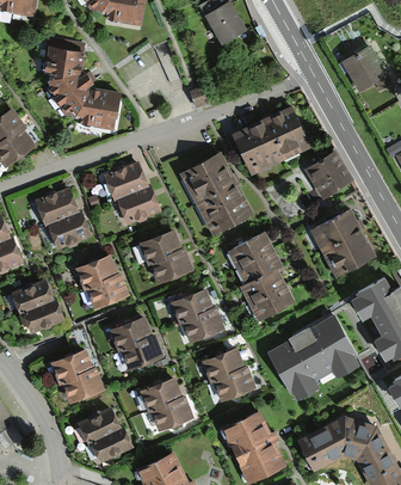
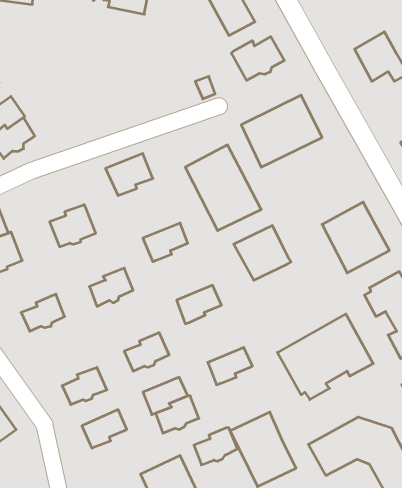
building: [44,36,121,133] -> none
building: none -> [231,37,284,80]
building: [304,152,352,198] -> none
building: [117,184,161,225] -> none
building: [35,188,80,228] -> none
building: [150,246,193,283] -> none
building: [74,253,118,290] -> none
building: [240,268,295,320] -> none
building: [10,278,53,315] -> none
building: [183,306,224,342] -> none
building: [109,315,152,352] -> none
building: [49,349,92,386] -> none
building: [212,366,254,401] -> [194,428,238,465]
building: [92,425,134,462] -> none

